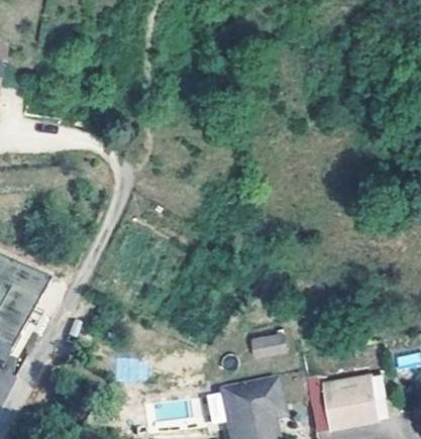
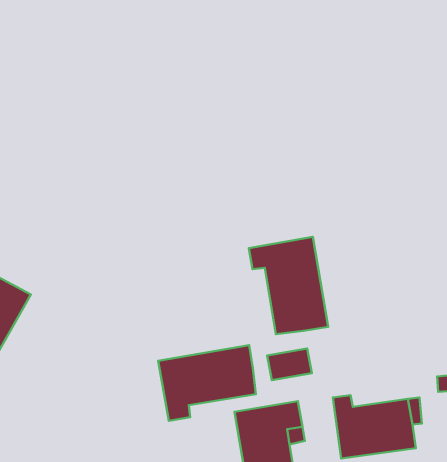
building: none -> [249,237,328,334]
building: none -> [158,345,256,421]

